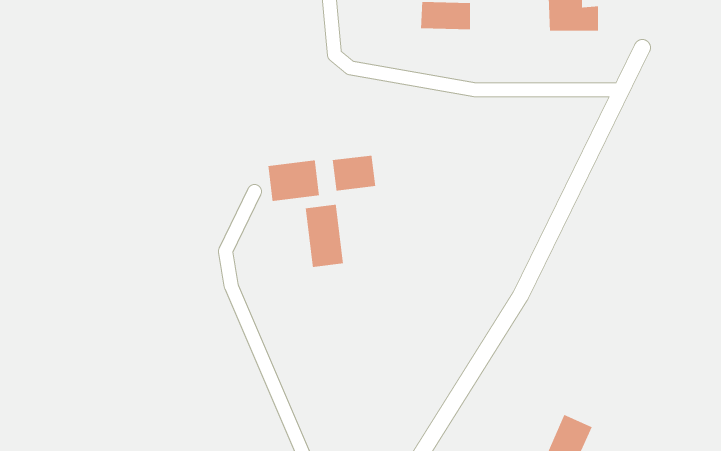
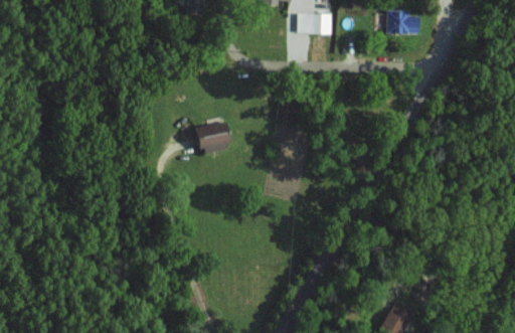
building: [332,155,376,192] -> none
building: [305,204,344,268] -> none

